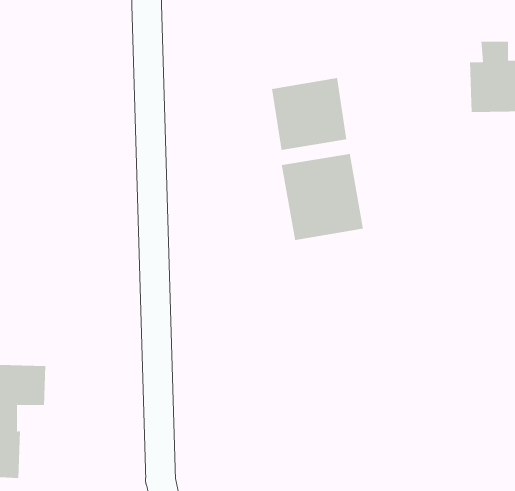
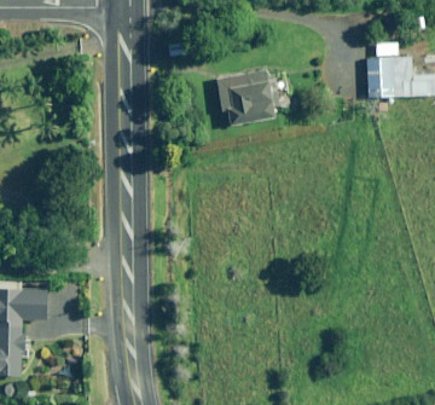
building: [281,153,364,241] -> none

